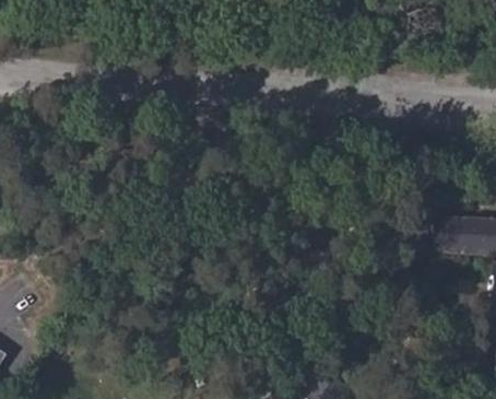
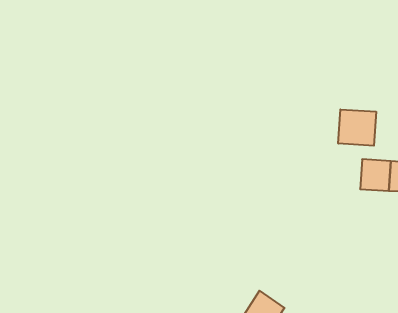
building: none -> [338,109,376,146]

